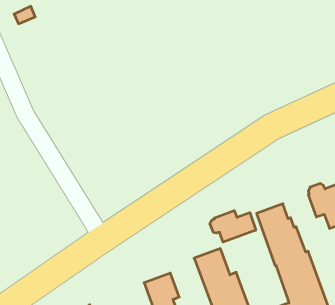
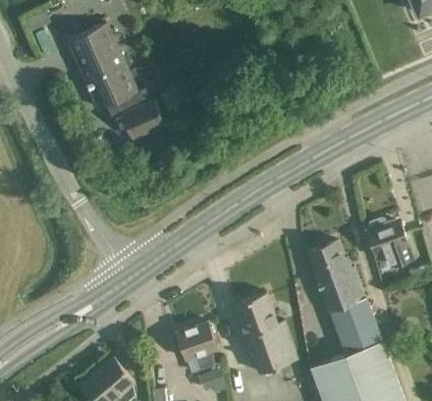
building: none -> [69,24,166,140]
building: [210,211,256,242] -> none

